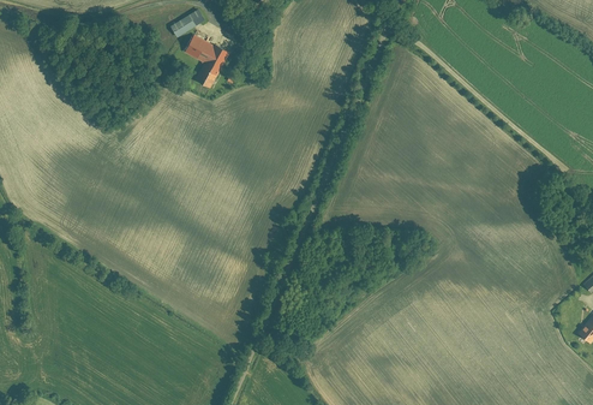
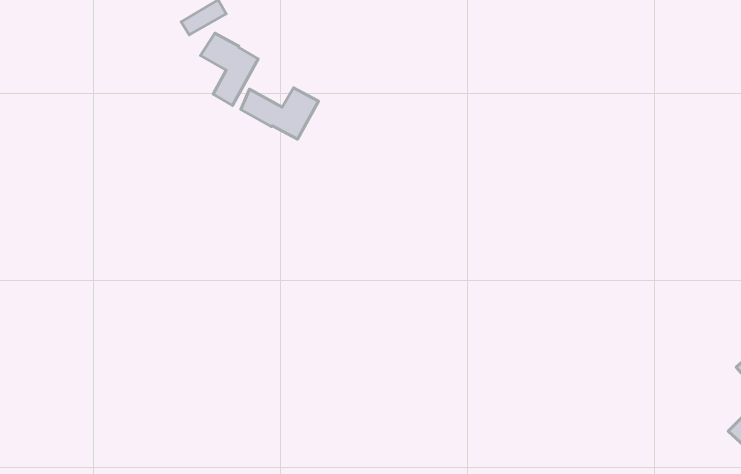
building: none -> [241,88,318,139]

